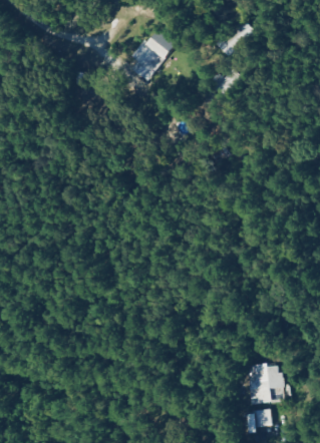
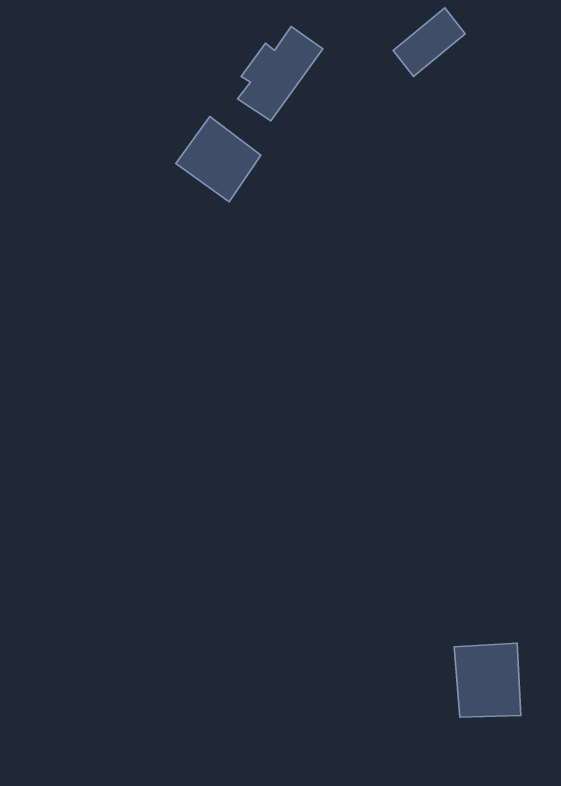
building: none -> [176,116,261,202]
building: [248,409,274,434] -> none

